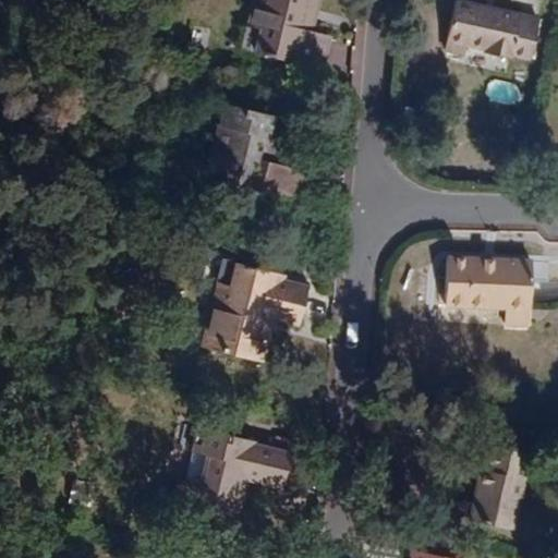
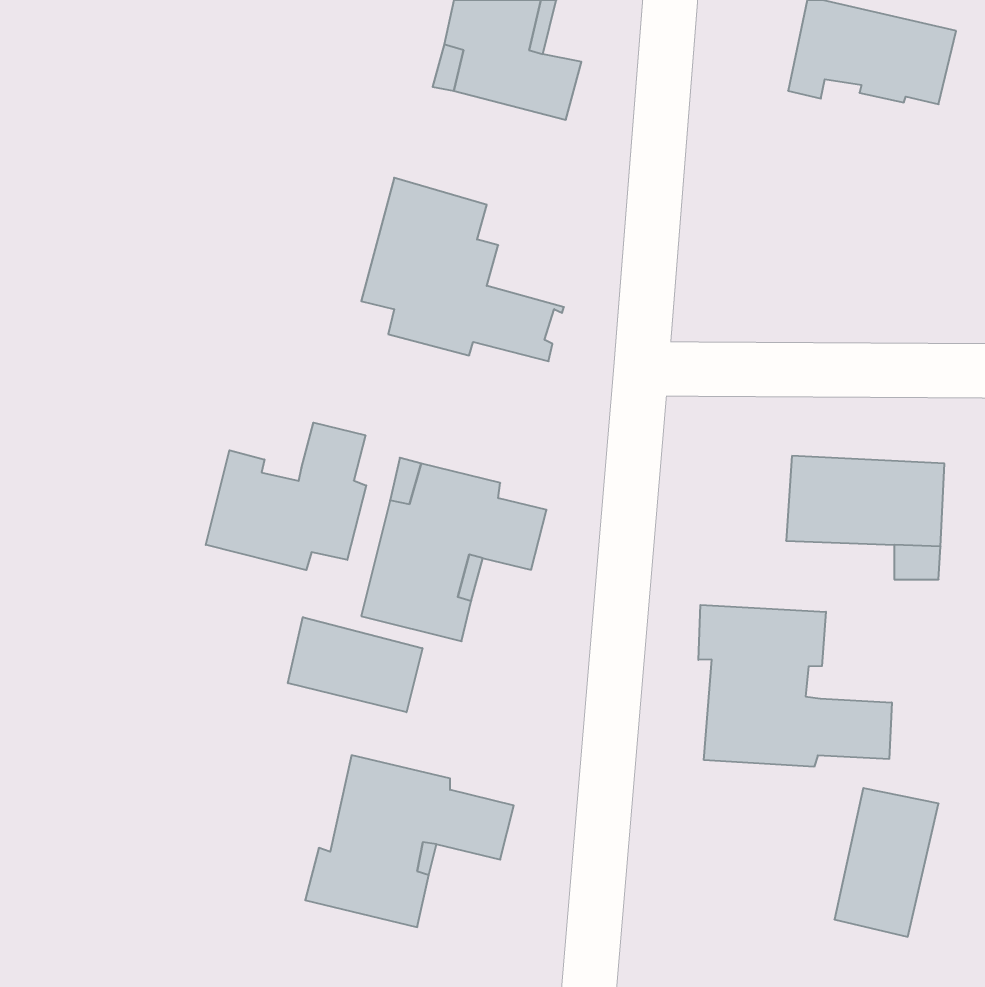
building: none -> [206,423,366,570]
building: none -> [698,605,892,767]
building: none -> [288,617,422,712]

